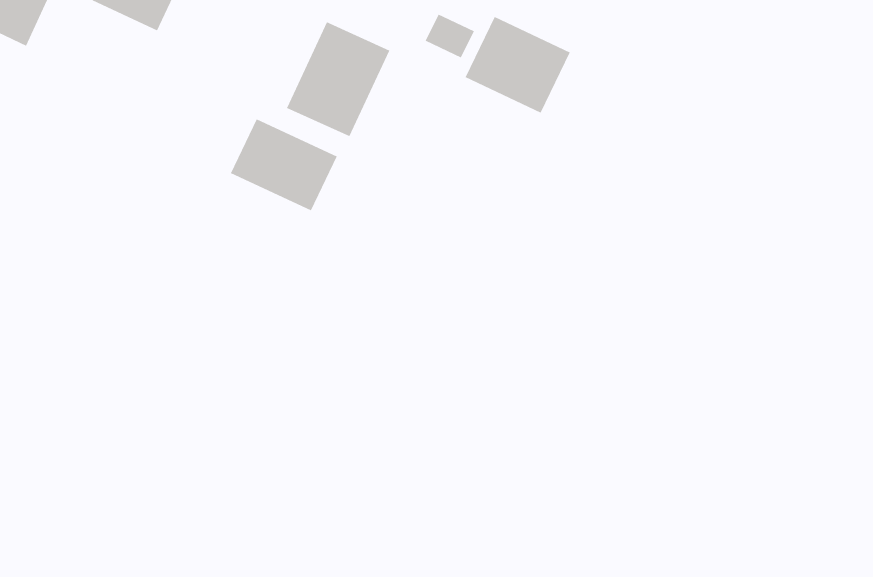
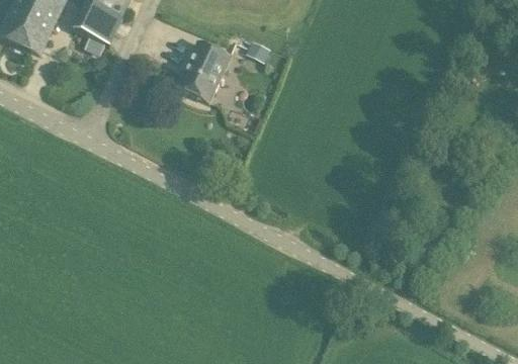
building: [465,16,571,113] -> none
building: [230,118,338,211] -> none

